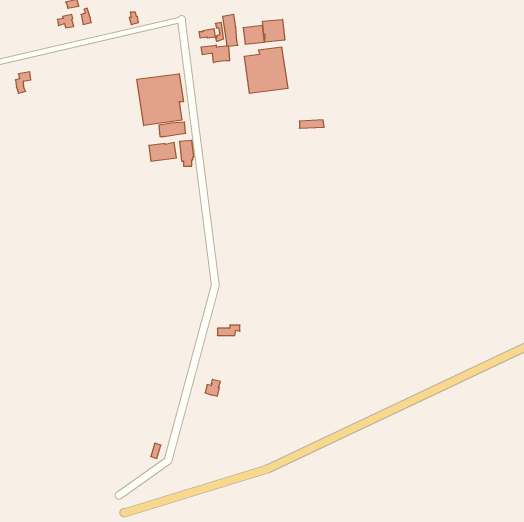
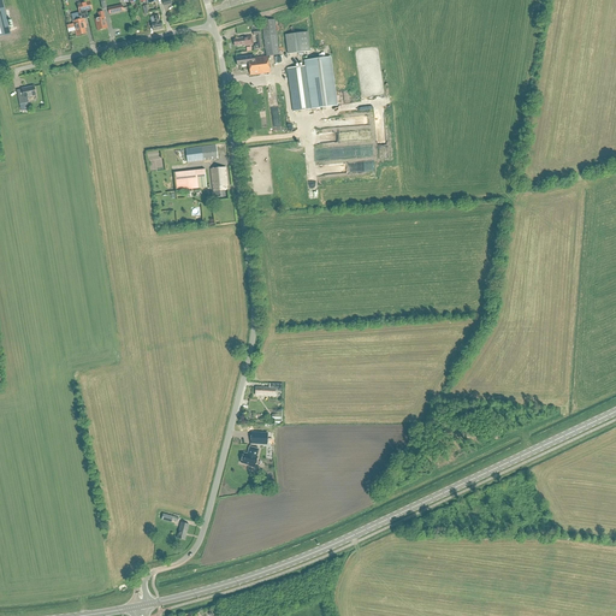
building: [263,19,285,42] -> none
building: [137,74,183,126] -> none

